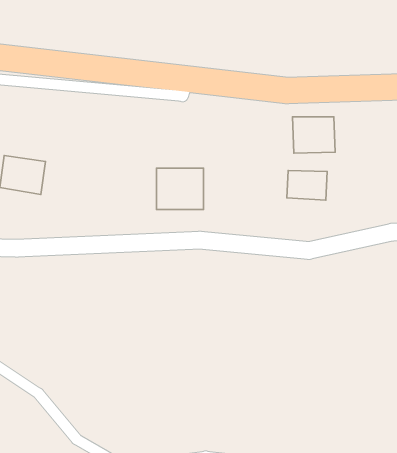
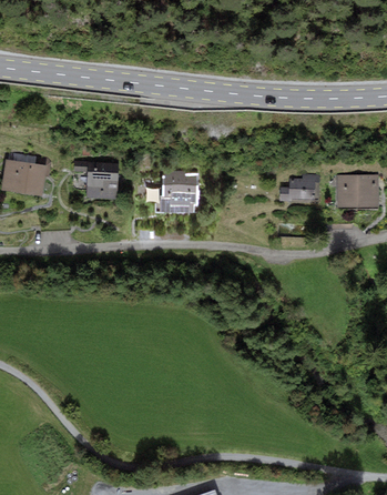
building: [293,117,335,153] -> [338,174,379,210]
building: none -> [84,171,115,200]

